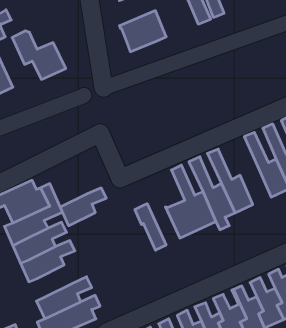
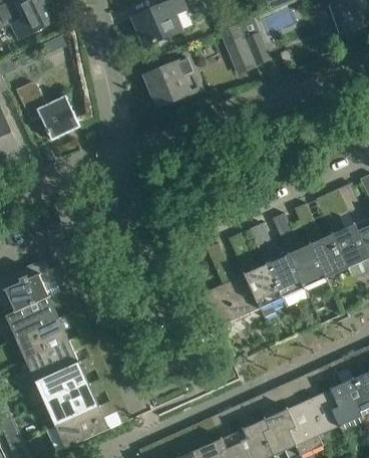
building: none -> [271,213,325,289]
building: [60,188,106,226] -> [45,355,100,400]
building: [135,204,166,250] -> none

